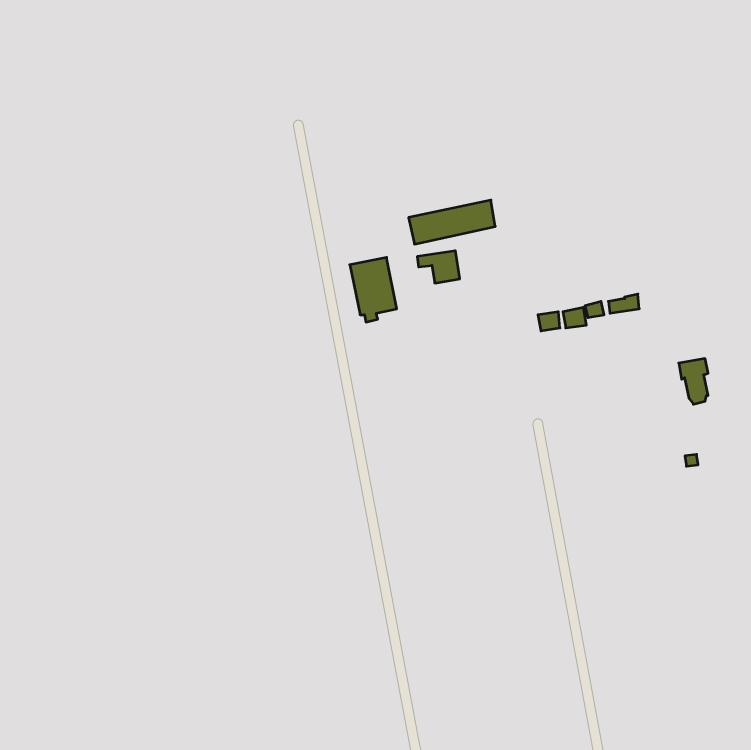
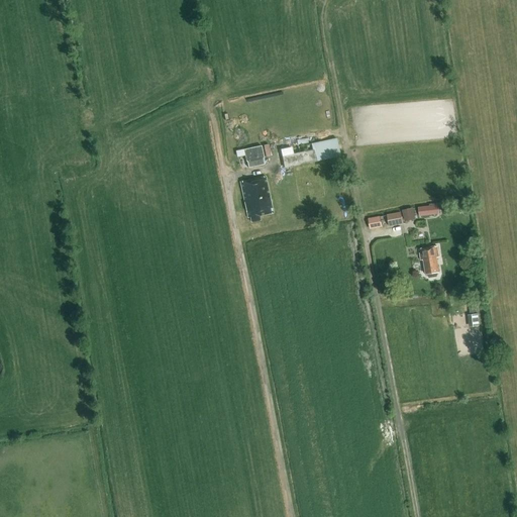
building: [417,251,460,283] -> [237,143,267,166]
building: [679,359,708,404] -> [419,246,439,278]

